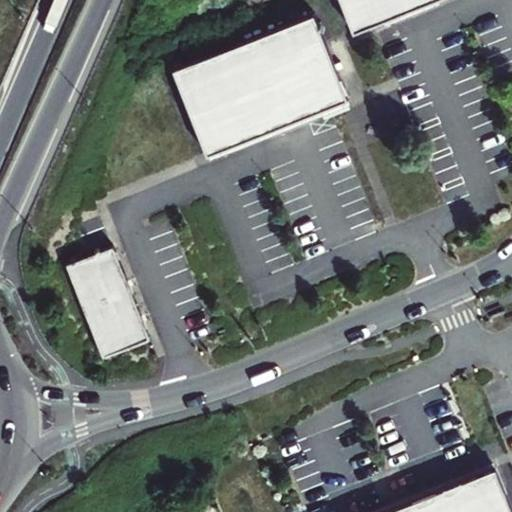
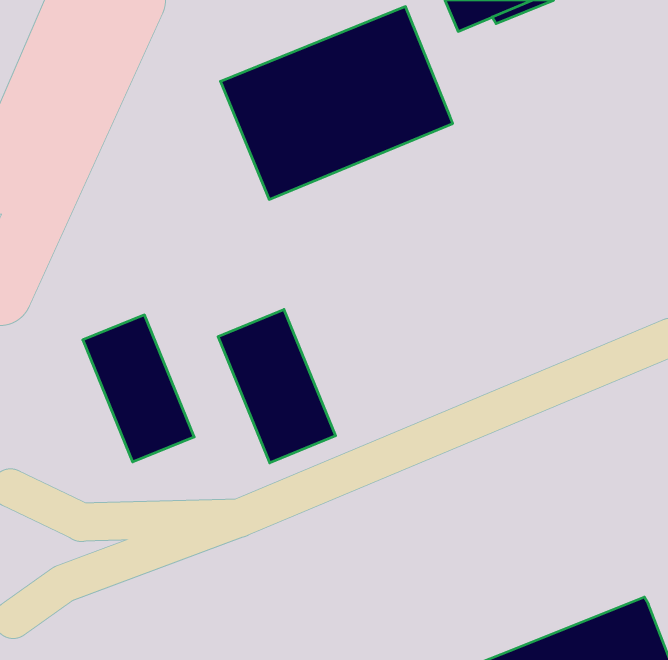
building: none -> [218,309,336,463]

